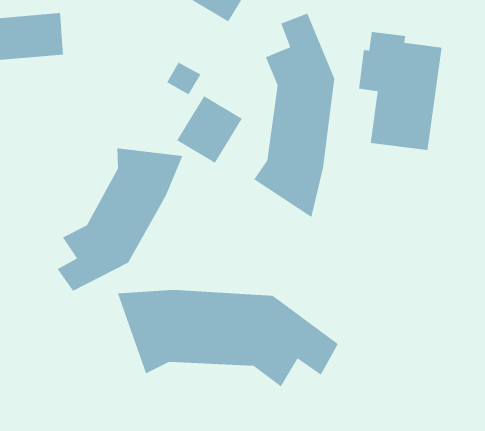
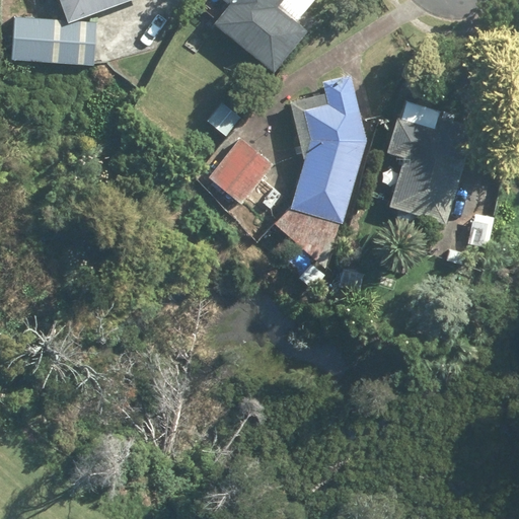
building: [56,147,183,292] -> none
building: [117,289,339,388] -> none

